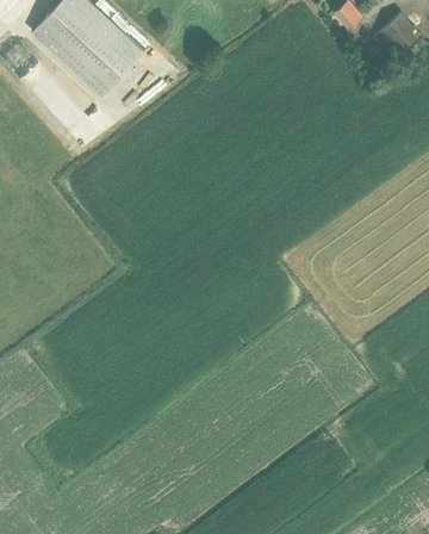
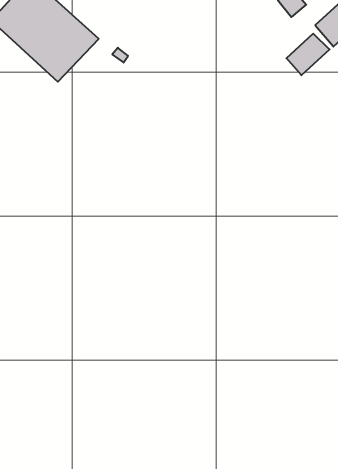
building: none -> [286,34,330,75]

